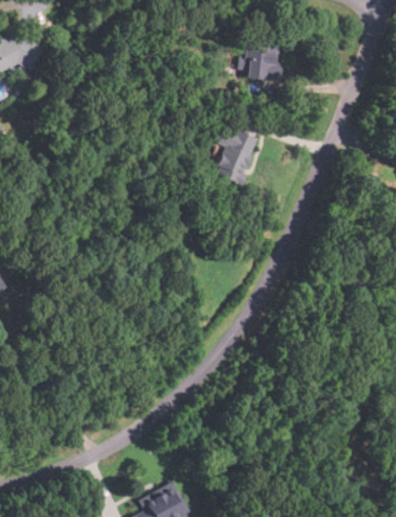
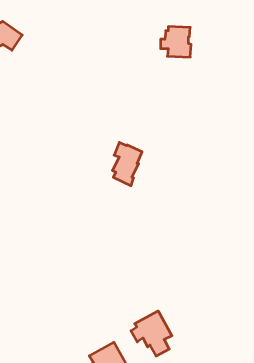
building: [216,127,258,187] -> [112,142,142,186]
building: none -> [131,311,172,356]

